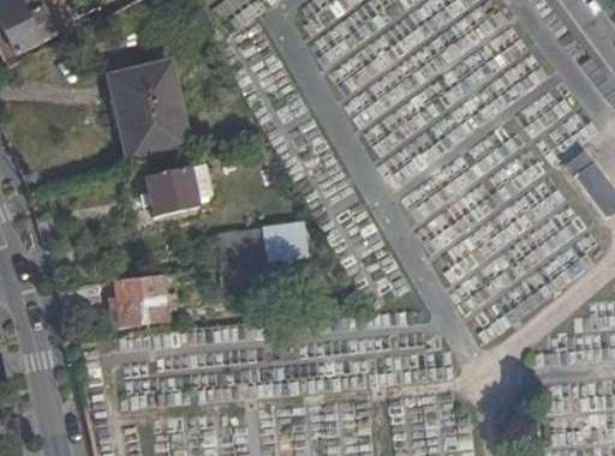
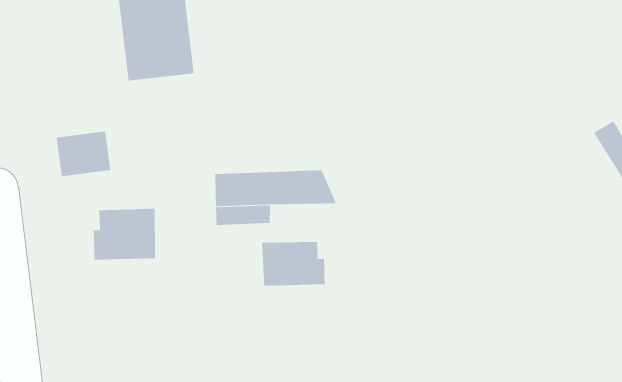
building: [144,167,198,214] -> [56,131,111,177]
building: none -> [261,241,325,287]

